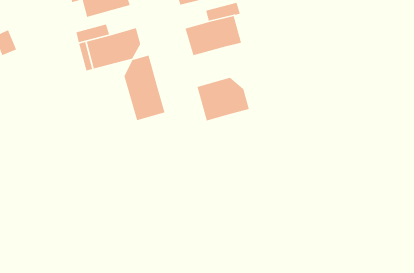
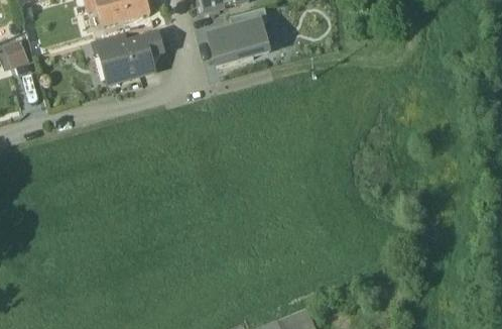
building: [123,55,165,121] -> none
building: [197,77,250,121] -> none

